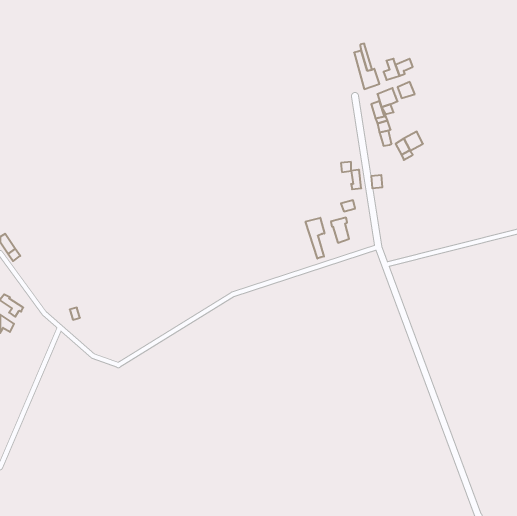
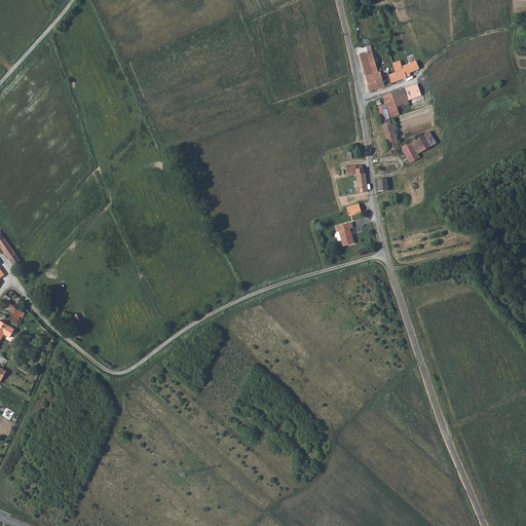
building: [306,218,324,259] -> none

